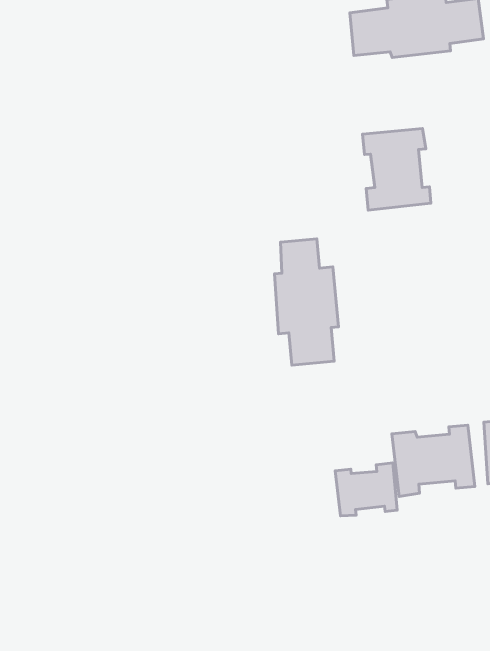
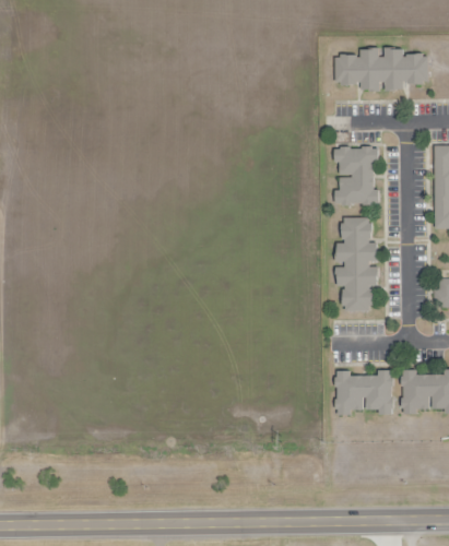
building: [275,239,338,365] -> [335,218,380,310]
building: [335,463,397,516] -> none

